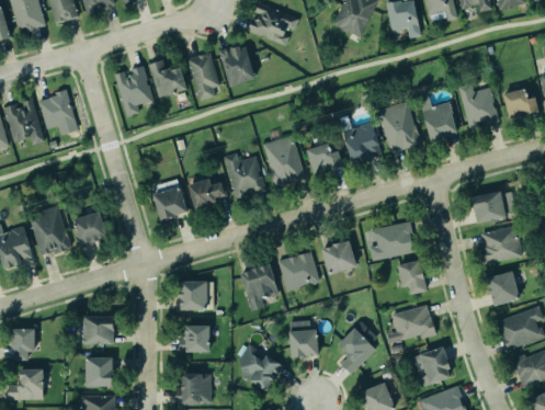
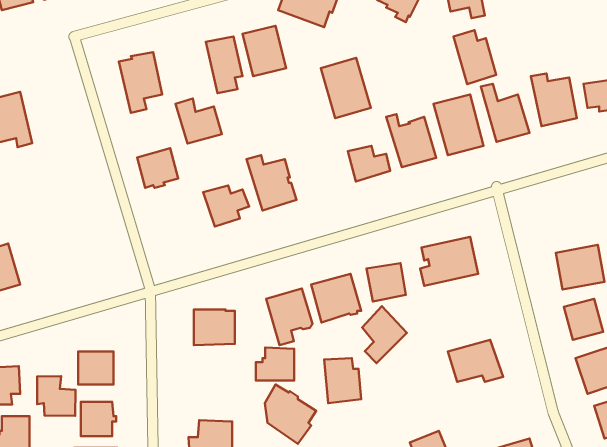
building: none -> [454,30,496,84]
building: [149,59,188,96] -> [176,99,222,143]
building: [39,91,77,134] -> none
building: [263,135,305,185] -> [321,58,371,118]
building: [152,184,186,217] -> [137,148,178,188]
building: [473,190,515,221] -> none
building: [27,204,70,253] -> none
building: [73,210,107,244] -> none
building: [396,259,424,293] -> none
building: [177,323,208,351] -> [256,348,294,381]
building: [339,327,376,374] -> [362,306,407,363]
building: none -> [37,376,76,416]
building: [411,345,449,385] -> none

